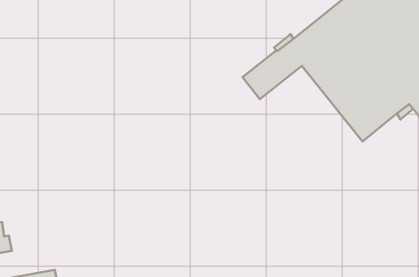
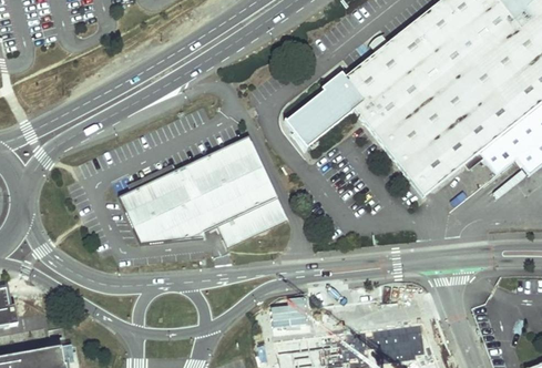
building: none -> [120,135,286,246]

